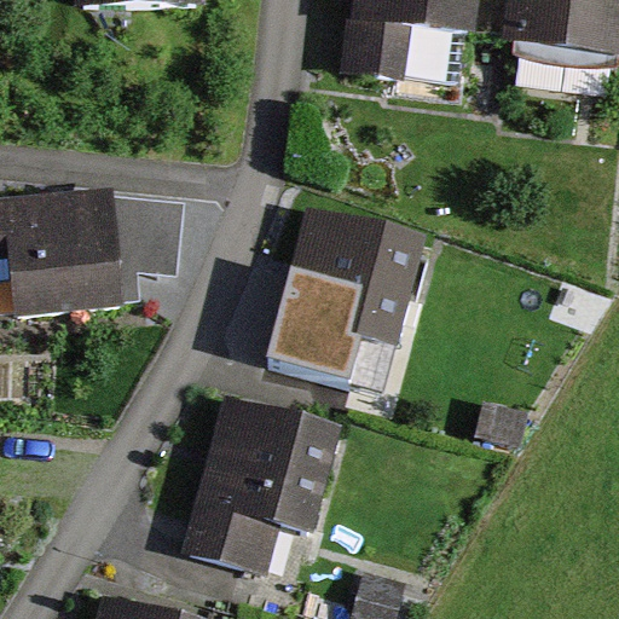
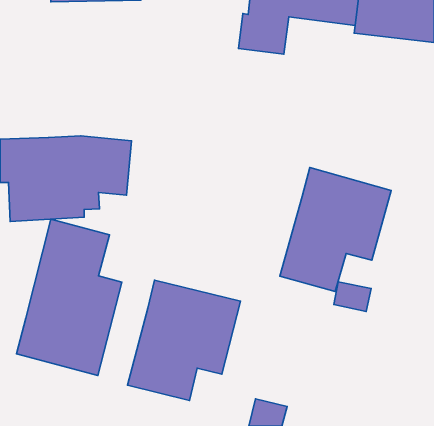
building: [265,212,423,388] -> [280,168,391,292]
building: none -> [16,219,122,376]

